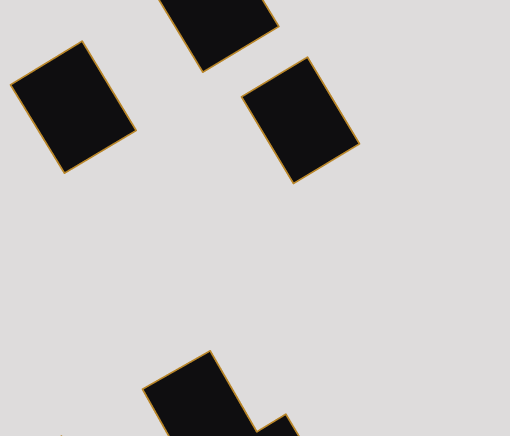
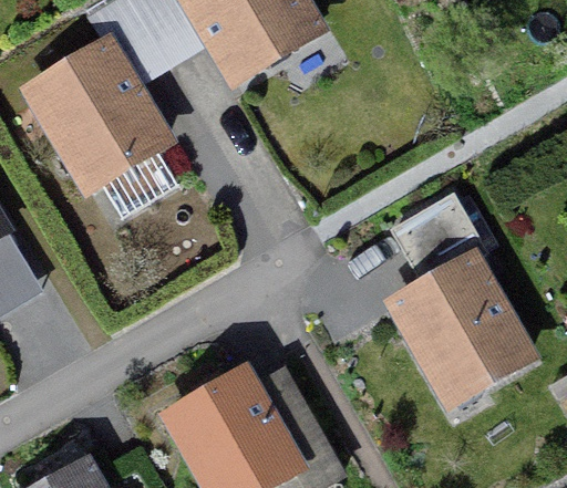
building: [241,57,360,183] -> none
building: none -> [395,198,528,395]

